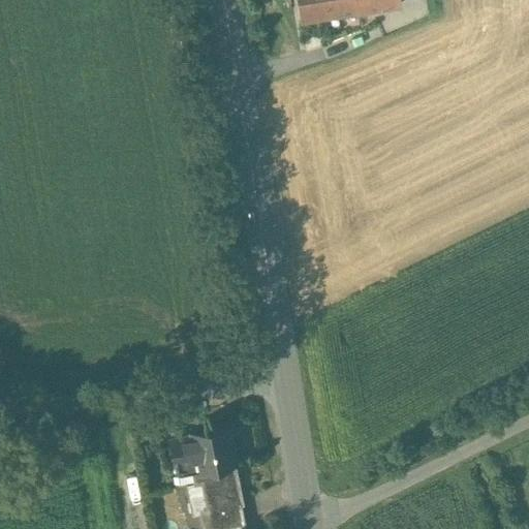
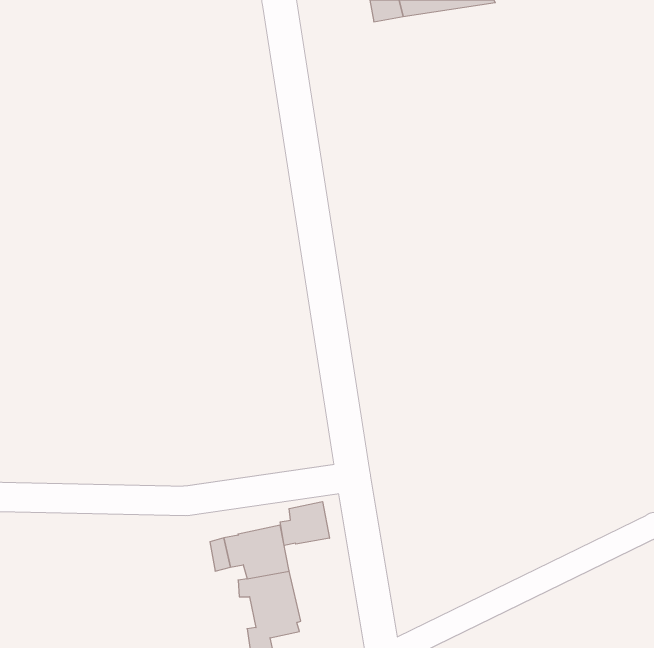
building: none -> [280,502,329,546]

